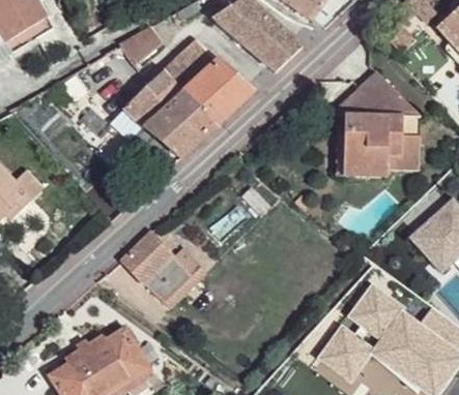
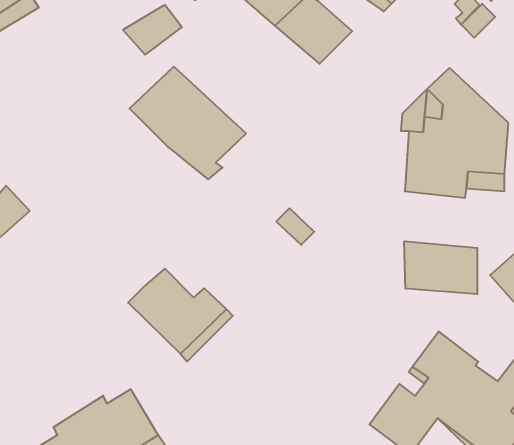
building: [160,39,255,125] -> none
building: none -> [404,241,477,294]

